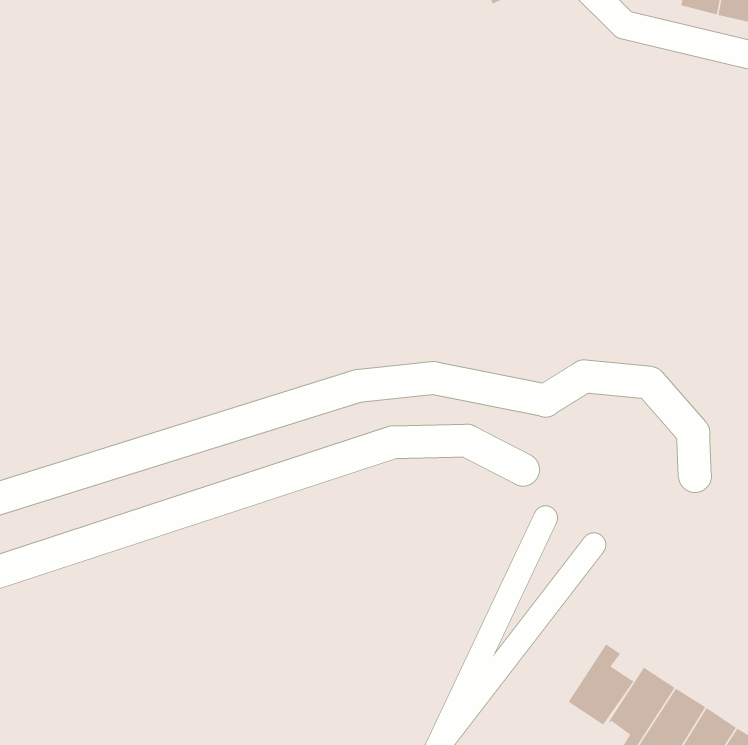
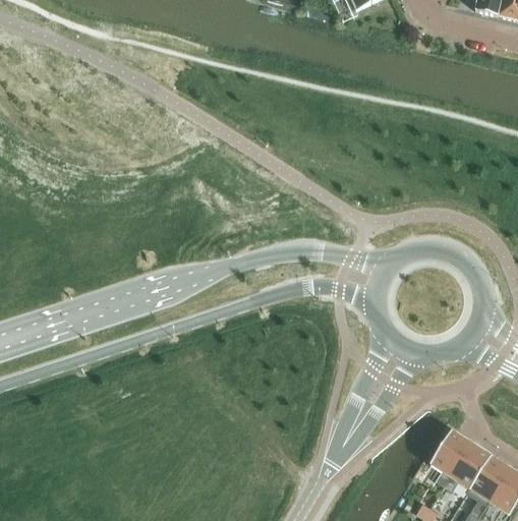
building: [568,644,635,726] -> none

